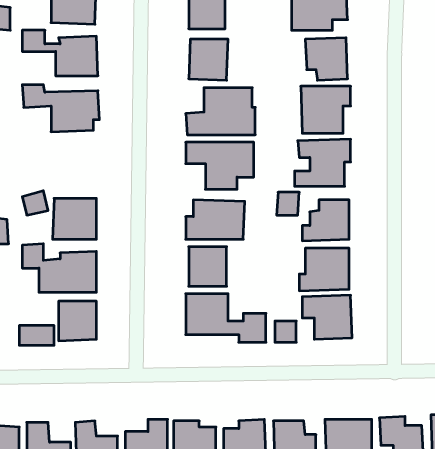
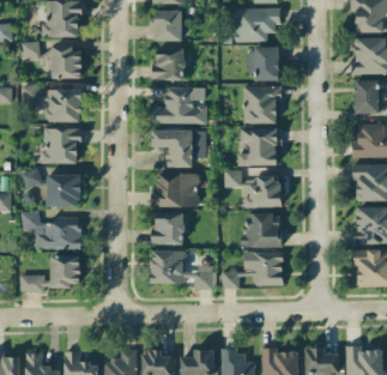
building: none -> [41,128,79,164]

